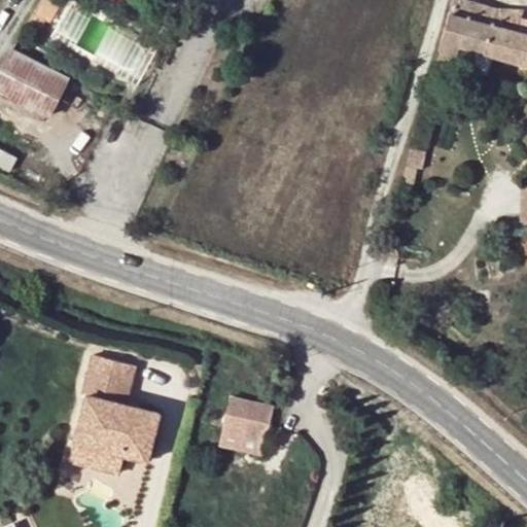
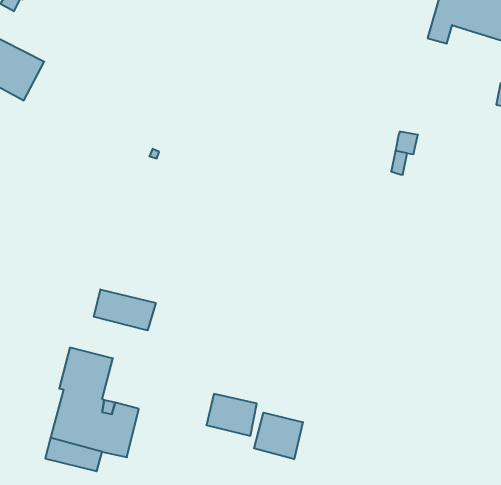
building: none -> [94,289,156,330]
building: none -> [254,413,303,459]

